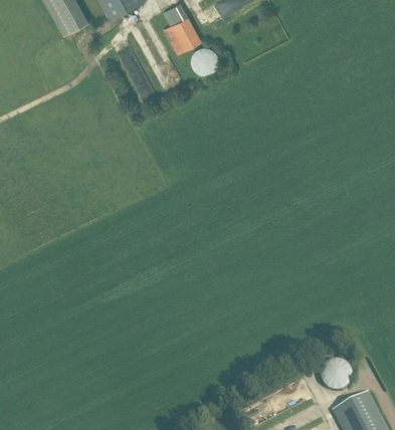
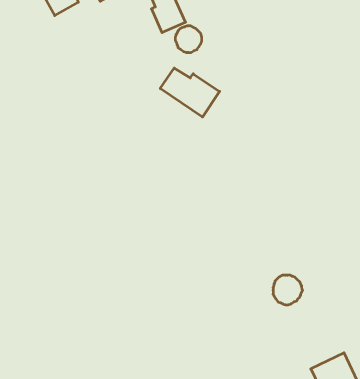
building: none -> [160,68,220,117]
building: [321,361,352,392] -> [273,275,303,305]

